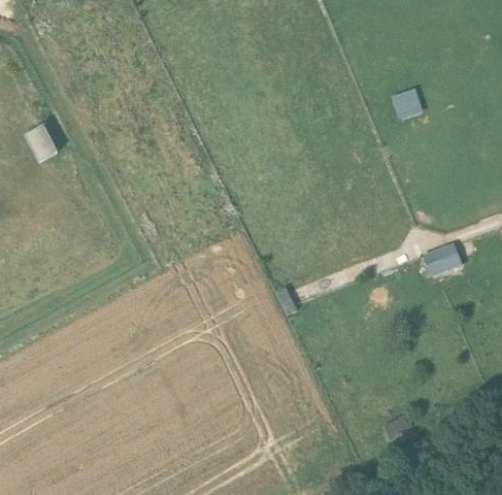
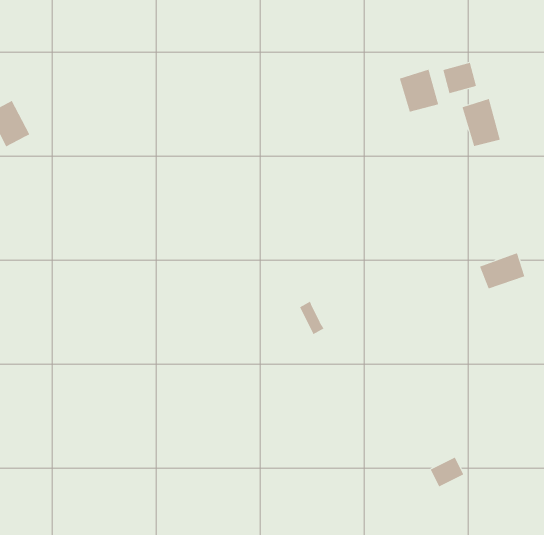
building: none -> [399,69,439,113]
building: none -> [462,98,500,147]

